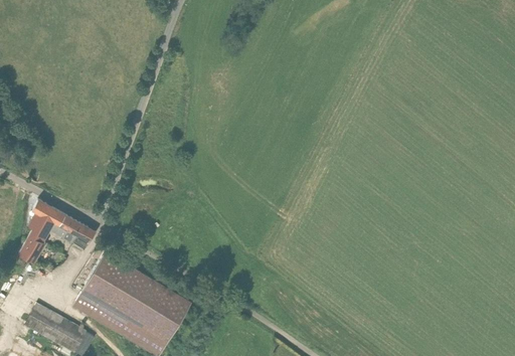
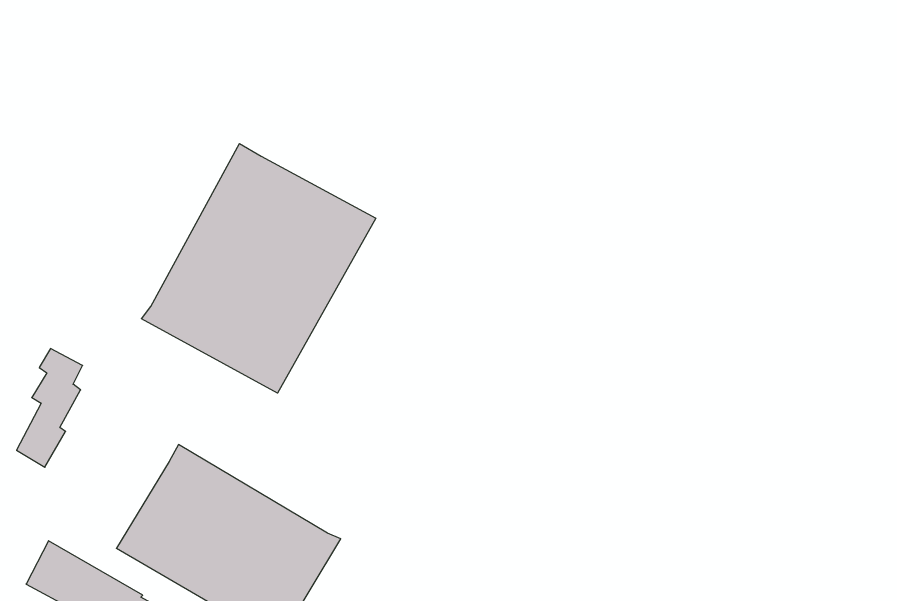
building: none -> [141,144,376,393]
building: [42,208,96,250] -> none

